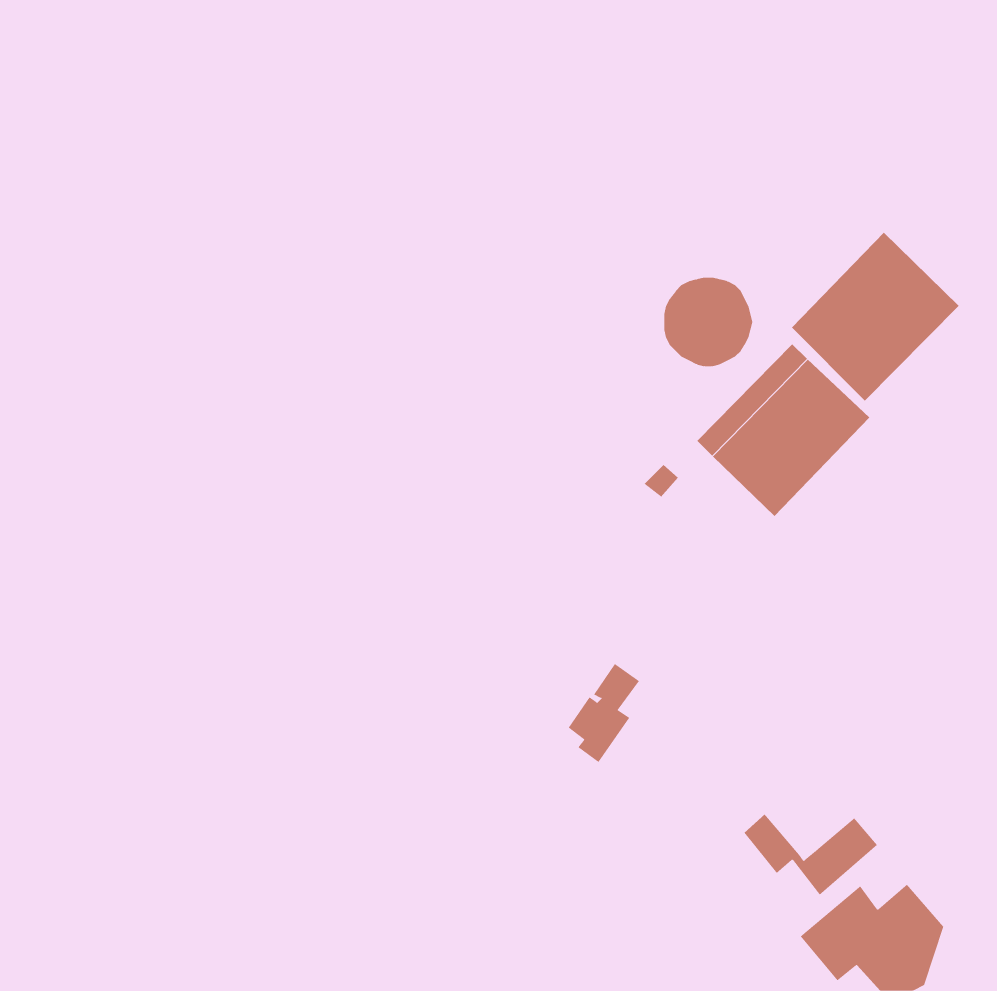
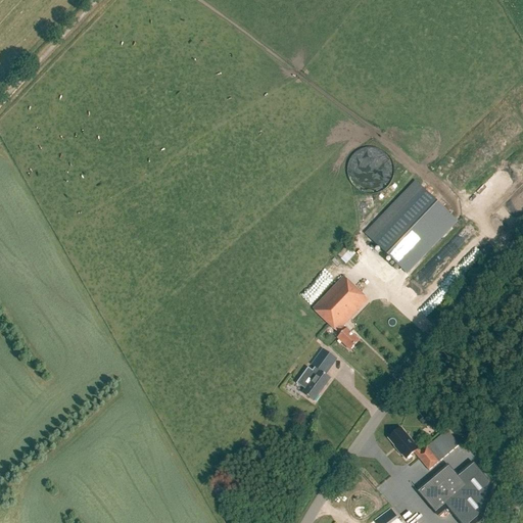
building: [791,232,960,402] -> none
building: none -> [313,274,368,348]

